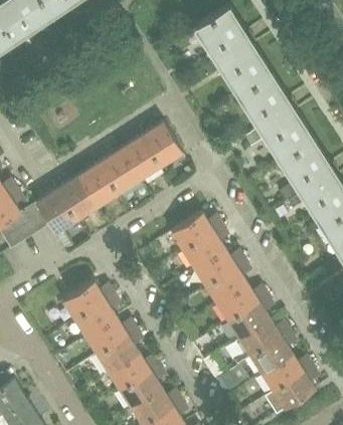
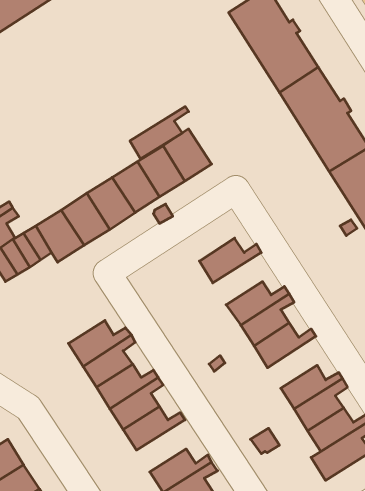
building: none -> [130,107,189,159]
building: [182,226,226,269] -> none
building: [227,295,272,339] -> none
building: [119,365,163,408] -> none

